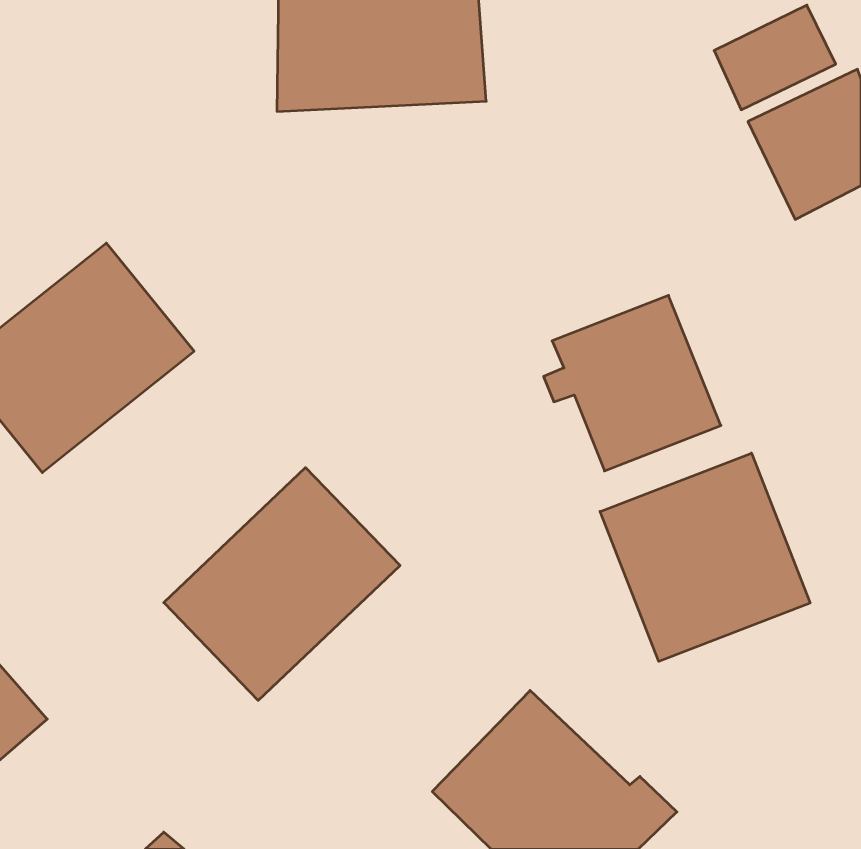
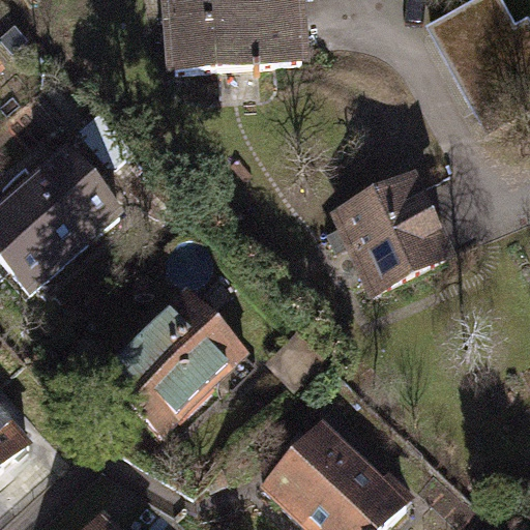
building: [600,453,810,661] -> none

